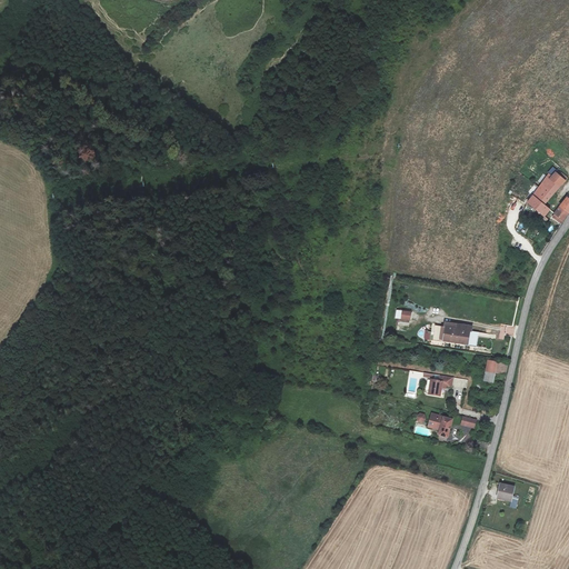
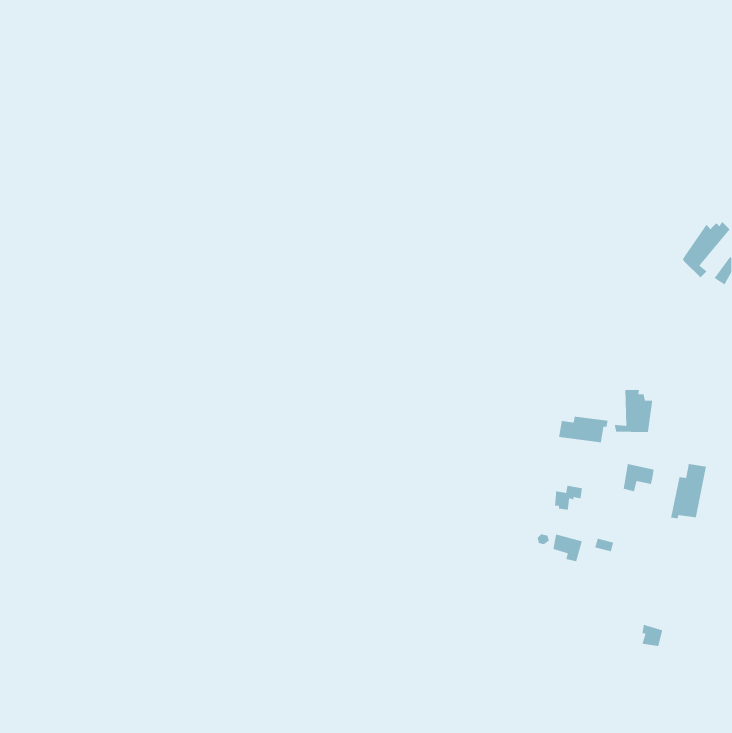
building: none -> [614,389,653,433]
building: none -> [670,463,707,519]

